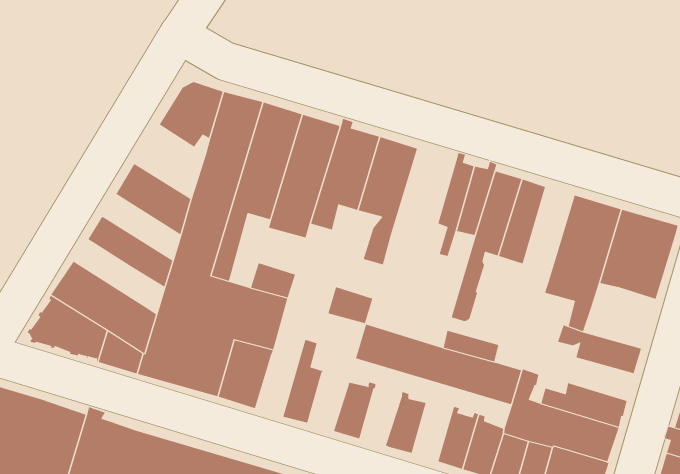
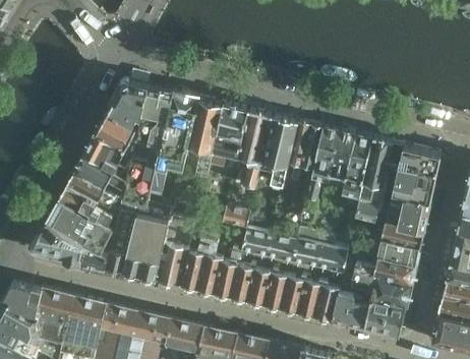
building: none -> [94,111,138,157]
building: none -> [259,116,297,188]
building: none -> [343,135,373,195]
building: none -> [75,157,126,196]
building: none -> [59,186,112,227]
building: none -> [385,196,429,234]
building: none -> [180,239,209,291]
building: none -> [367,239,418,267]
building: none -> [214,248,240,298]
building: none -> [247,270,272,305]
building: none -> [281,277,305,313]

